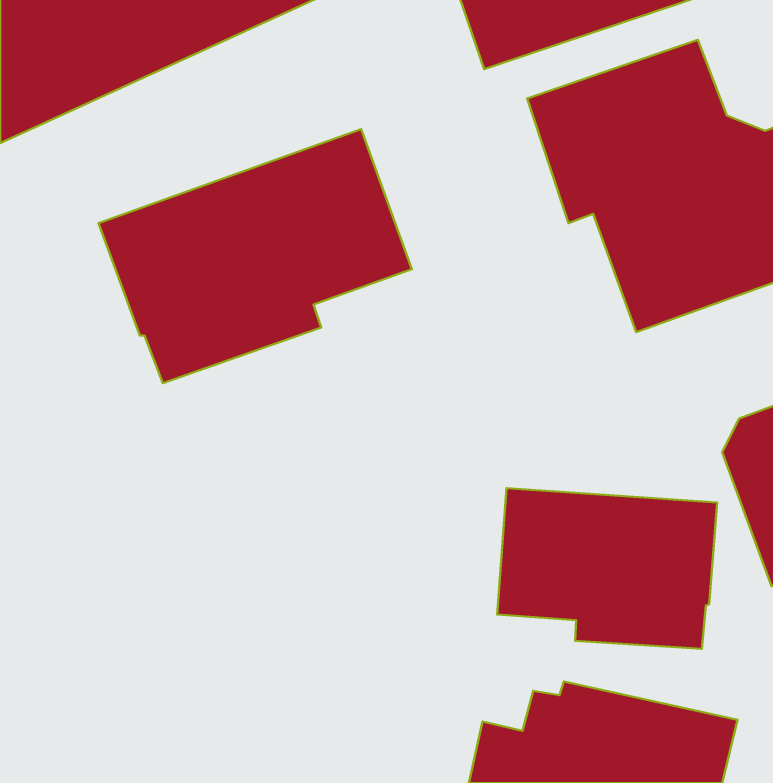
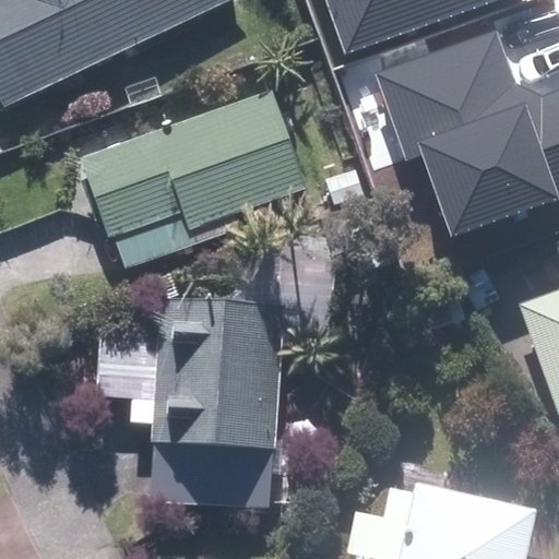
building: none -> [147,302,281,506]
building: [497,488,717,649] -> none

